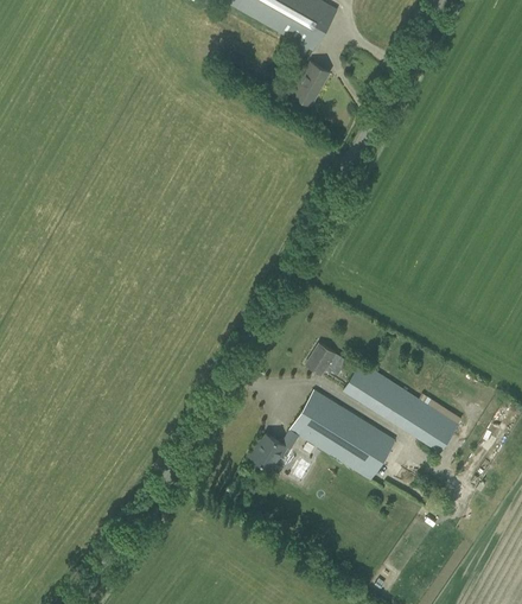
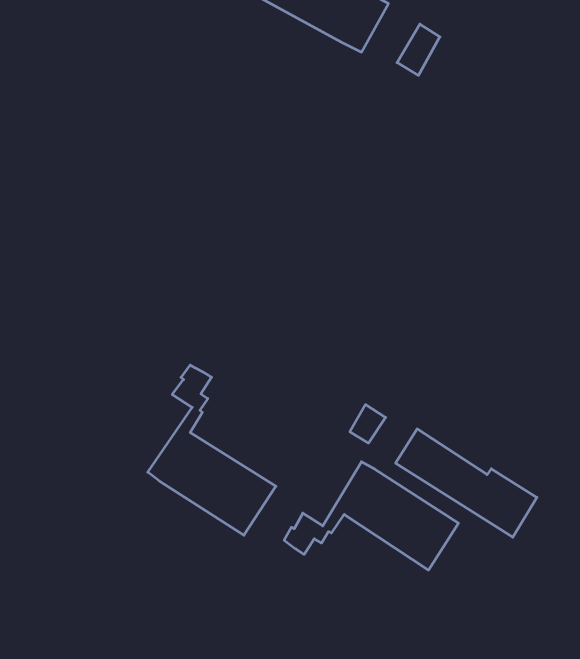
building: [293,61,329,103] -> [397,24,440,75]
building: none -> [148,365,276,535]

